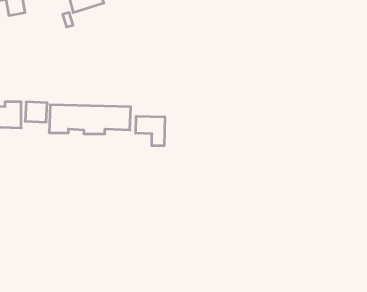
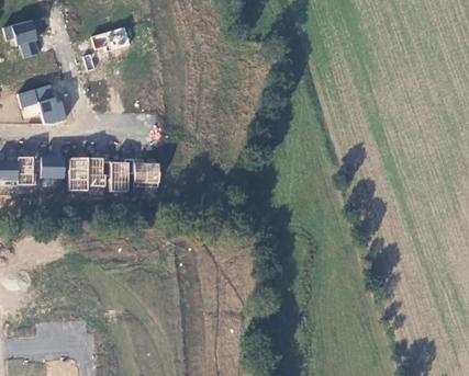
building: none -> [16,84,67,125]
building: [136,116,165,146] -> none

